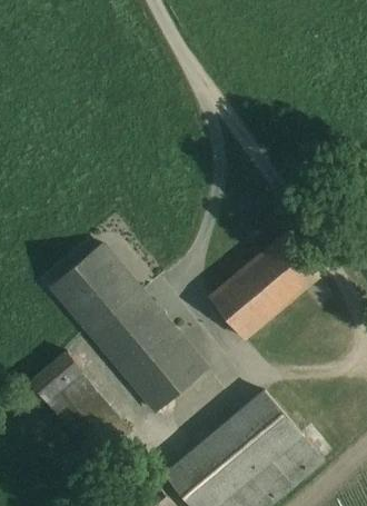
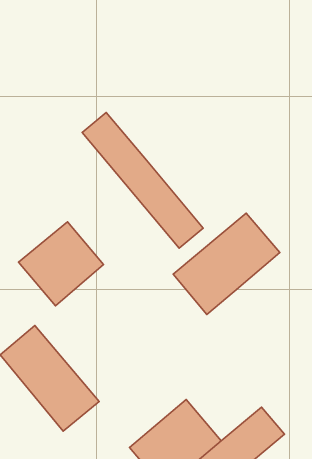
building: none -> [82,112,203,248]
building: [89,287,207,410] -> none
building: [222,391,299,467] -> none

